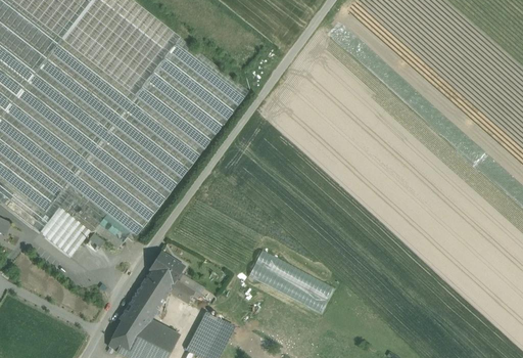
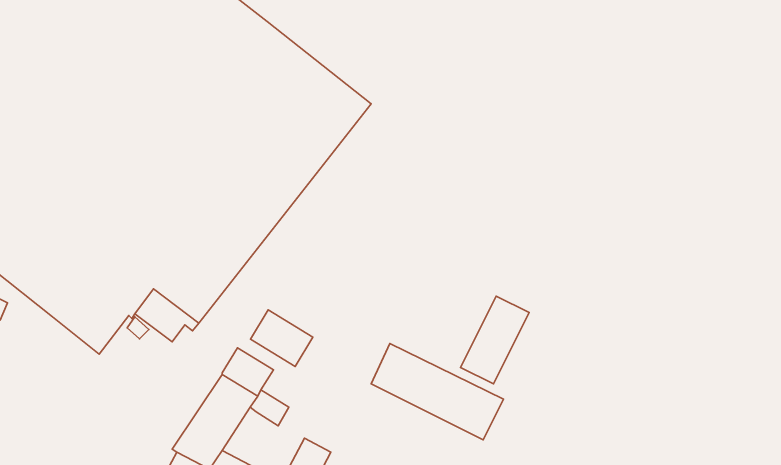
building: none -> [460,296,529,384]
building: none -> [250,310,313,366]

